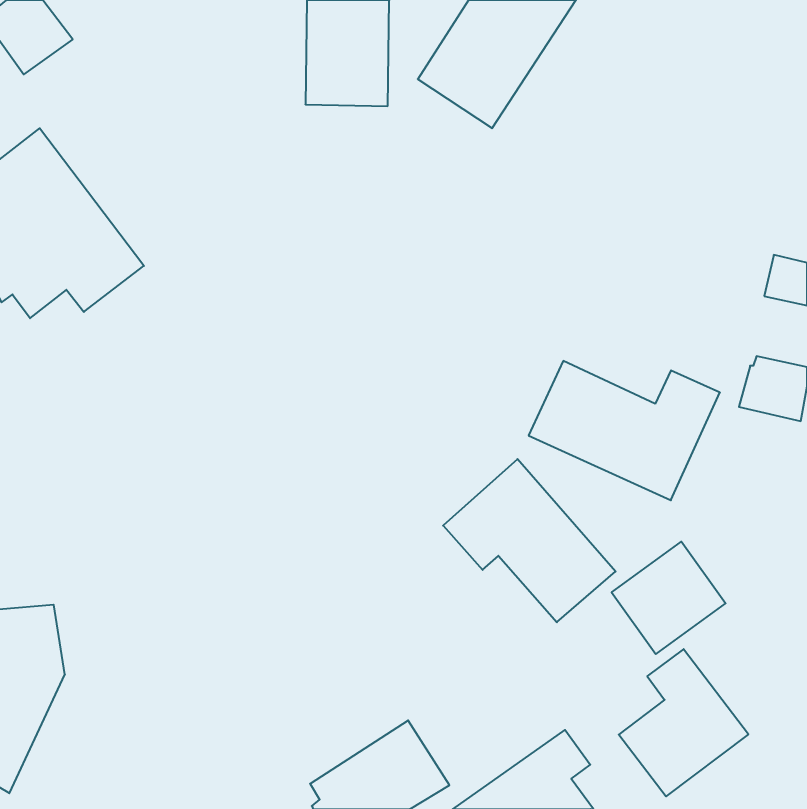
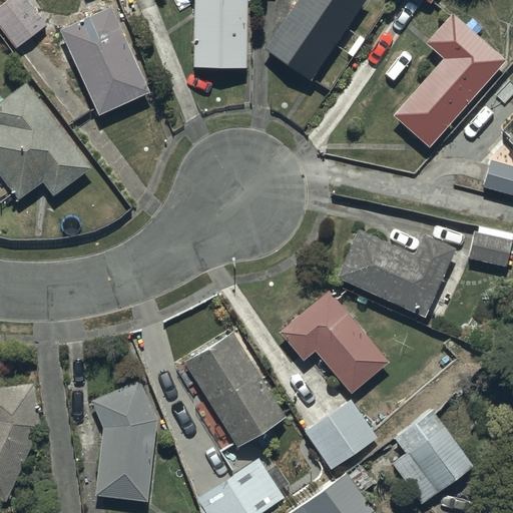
building: none -> [60,7,149,115]
building: none -> [393,13,507,148]
building: none -> [185,334,286,449]
building: [612,542,726,654] -> [304,399,376,470]
building: none -> [91,382,158,501]

